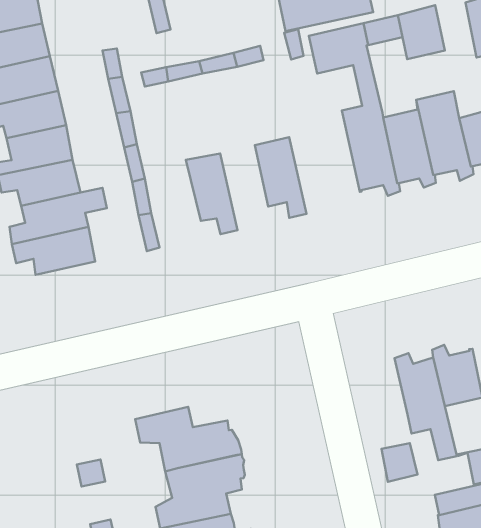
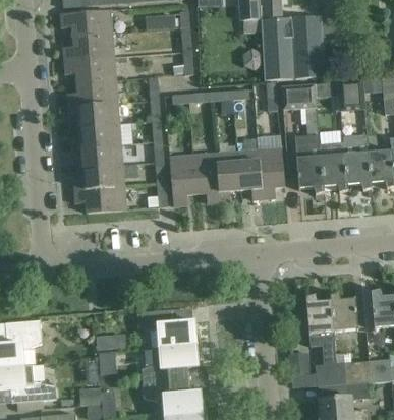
building: none -> [259,146,285,198]
building: none -> [214,151,239,202]
building: none -> [169,154,195,206]
building: none -> [316,363,344,386]

